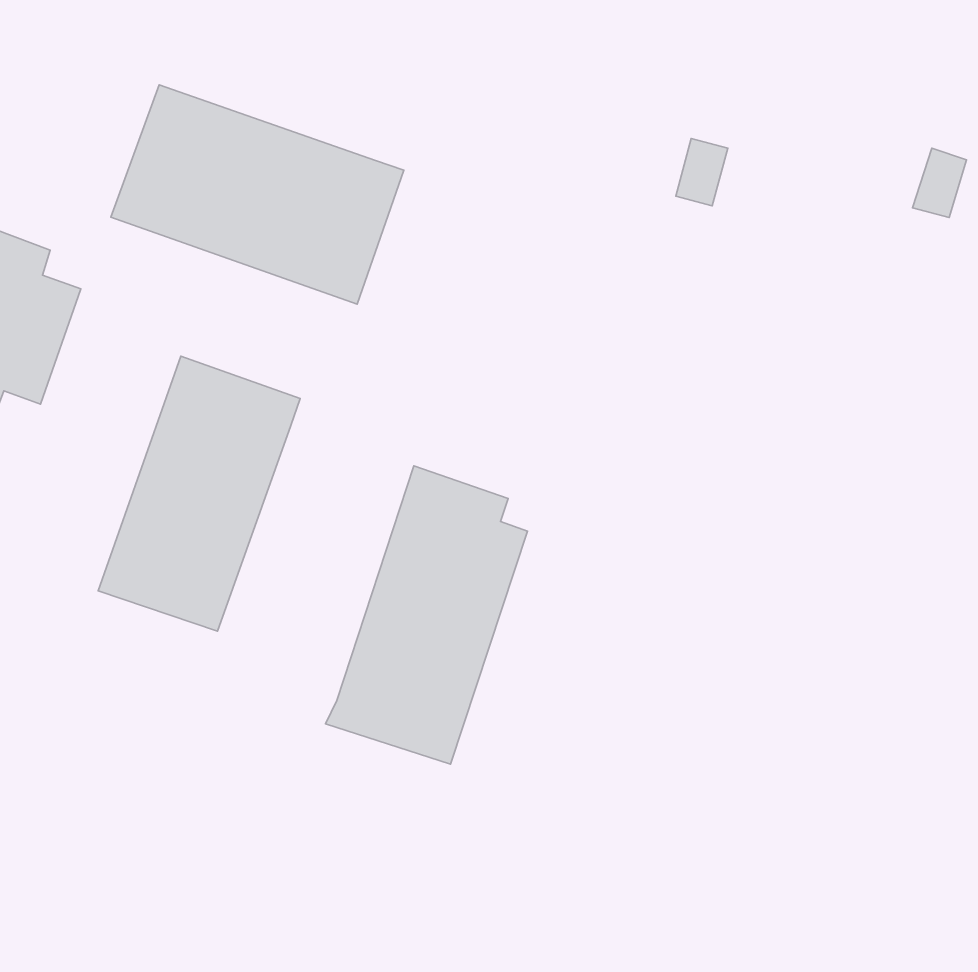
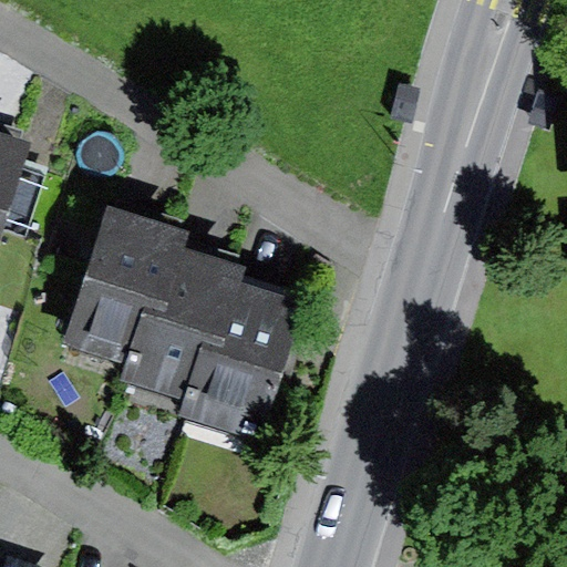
building: [111,85,404,304] -> none
building: none -> [121,245,238,403]

